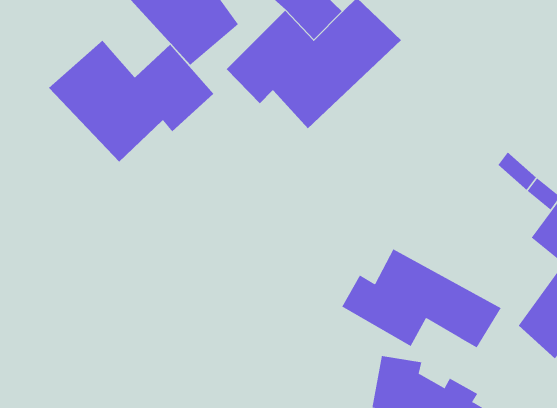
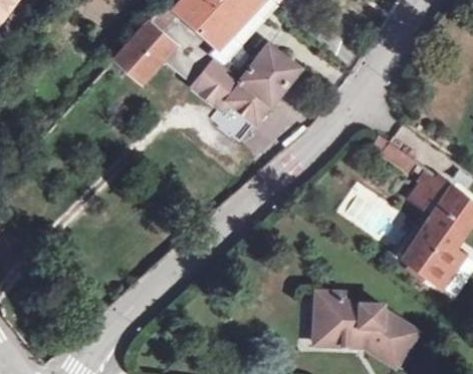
building: [48,40,214,162] -> none
building: [342,248,502,348] -> none

